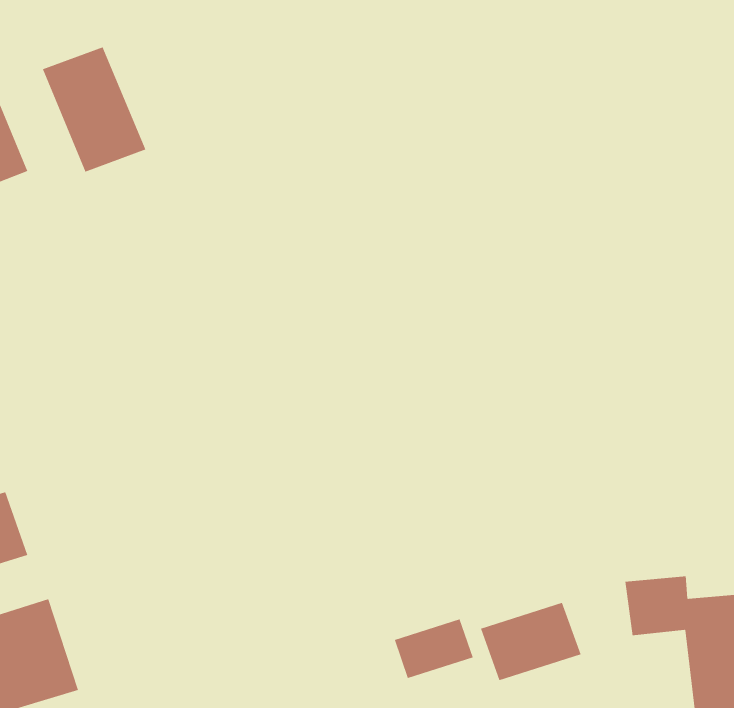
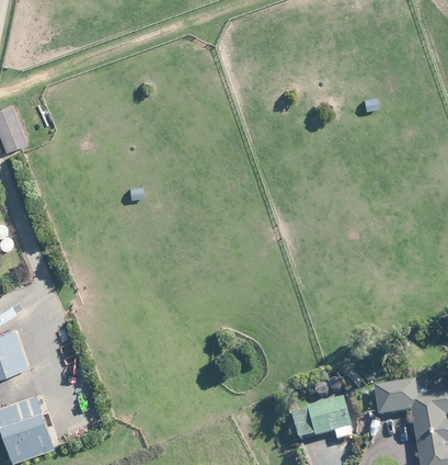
building: [42,46,146,173] -> none
building: [394,618,473,679] -> none

